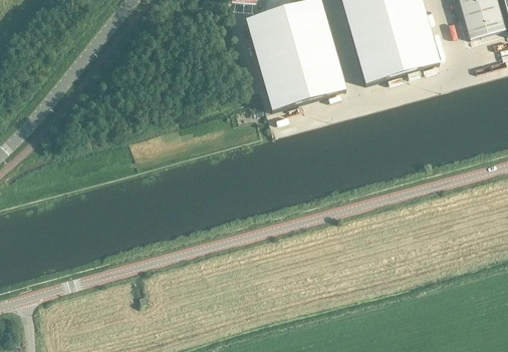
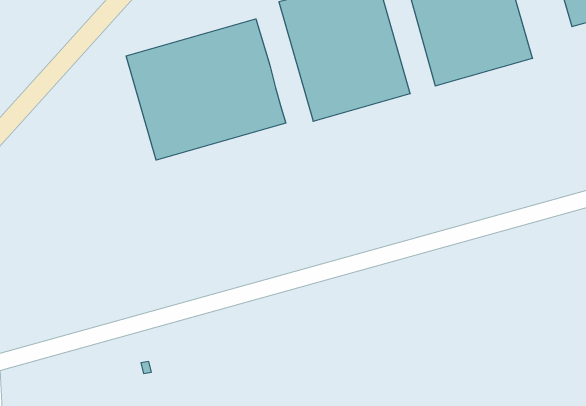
building: none -> [126,19,286,160]

